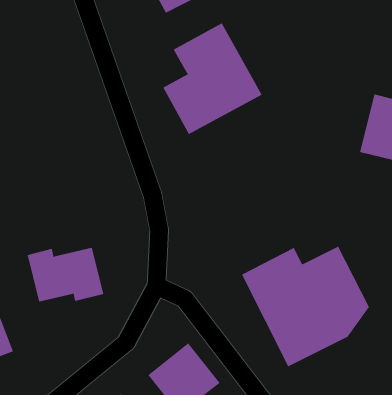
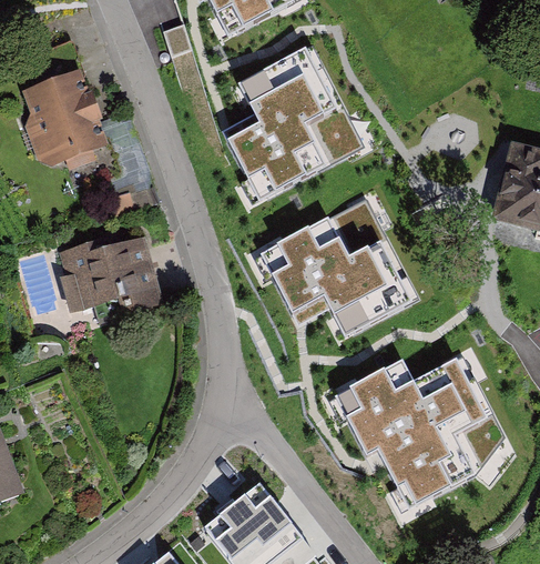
building: none -> [23,70,108,169]
building: none -> [259,195,419,335]
building: [27,247,104,302] -> [55,240,160,314]

